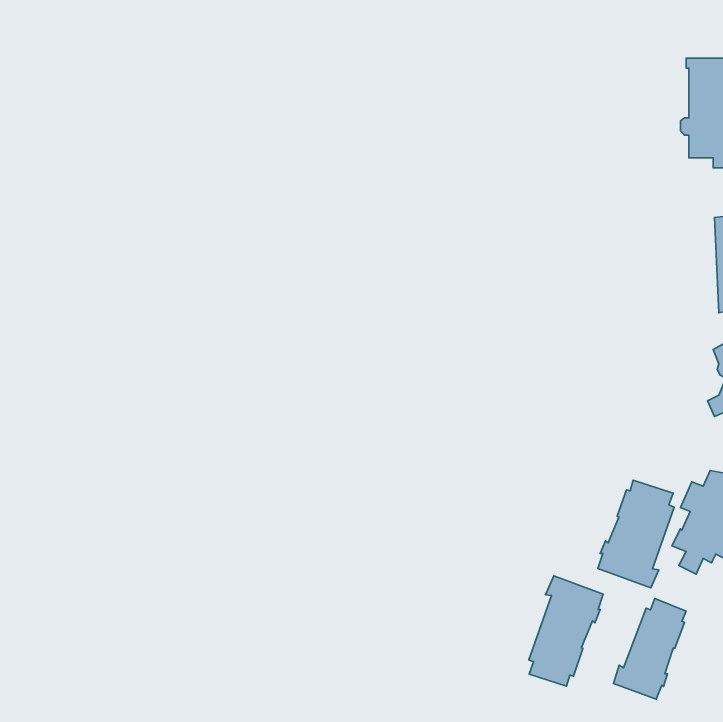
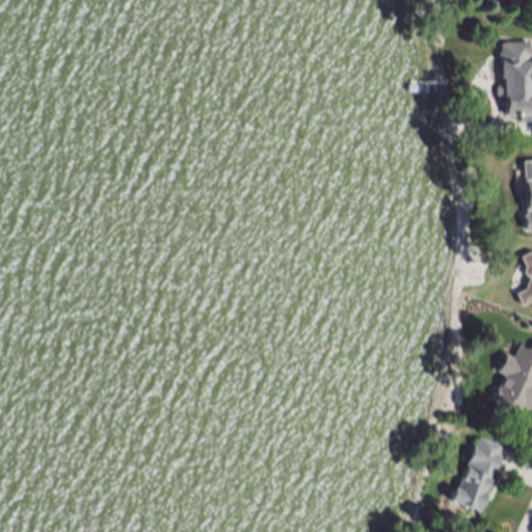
building: [598,480,674,588] -> none
building: [529,576,603,686] -> none

